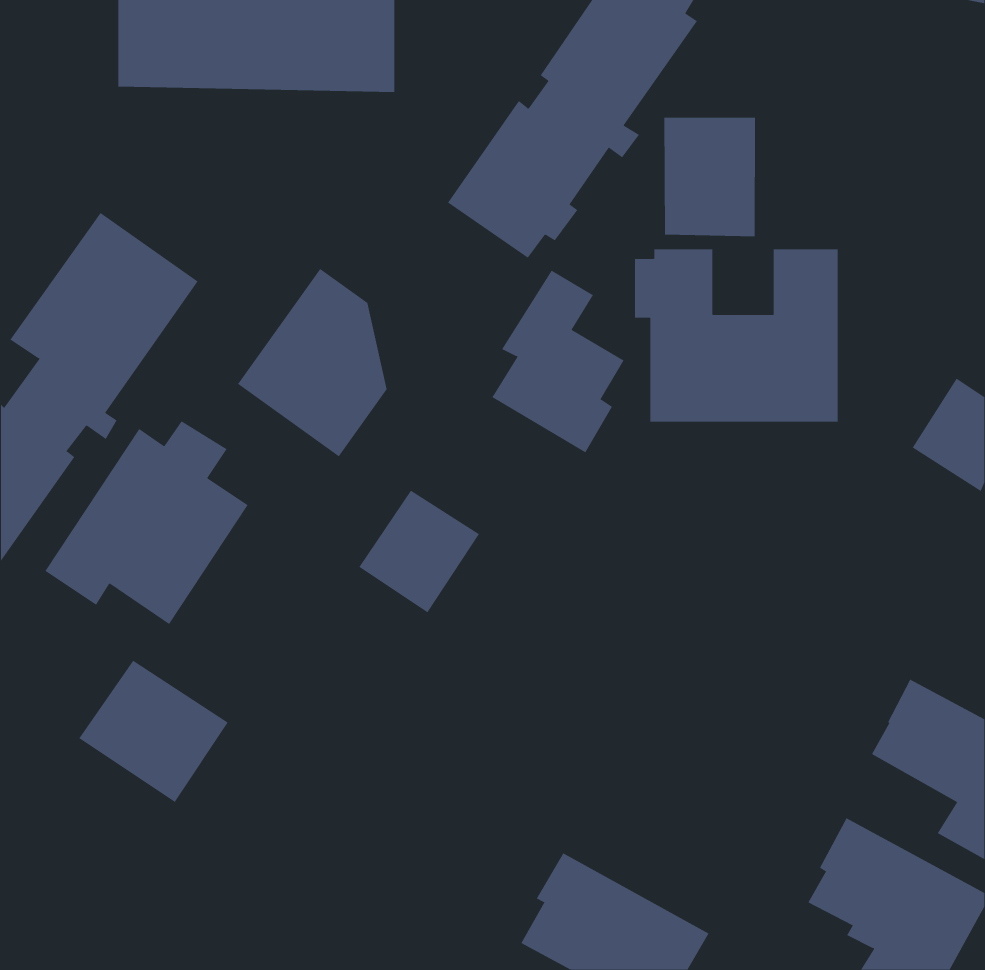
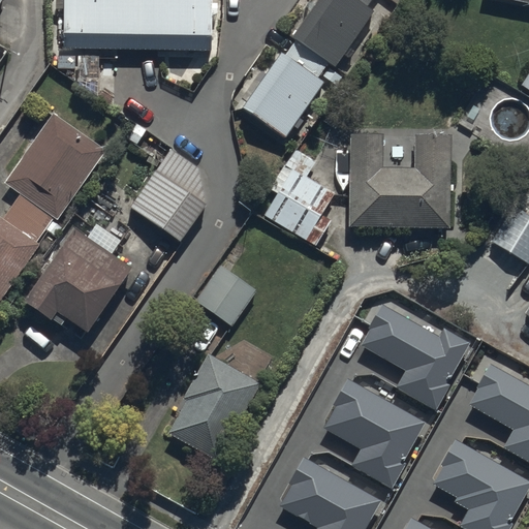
building: [664,117,756,237] -> none
building: none -> [360,304,469,409]
building: none -> [167,351,258,460]
building: [79,660,228,803] -> none
building: none -> [323,377,425,490]

